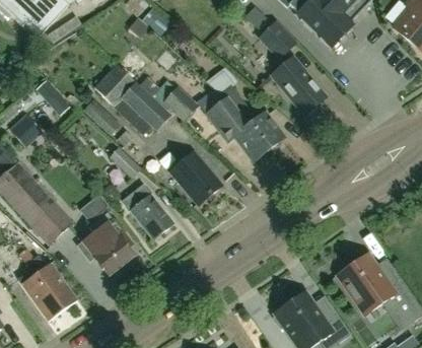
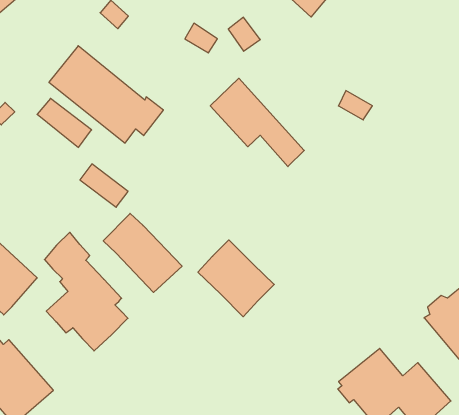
building: [273,57,326,114] -> none
building: [155,81,200,121] -> none
building: [221,85,285,151] -> none
building: [170,151,222,205] -> [198,240,274,317]

